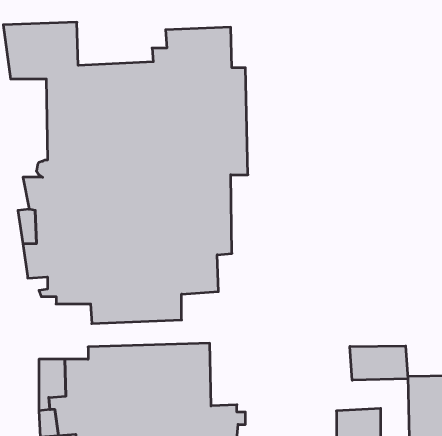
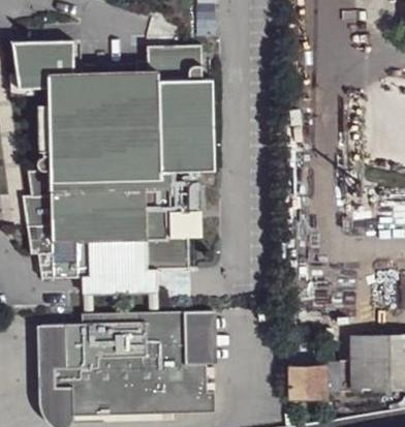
building: none -> [184,309,214,362]
building: [350,346,408,380] -> none

